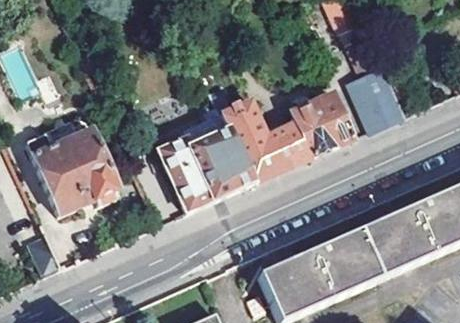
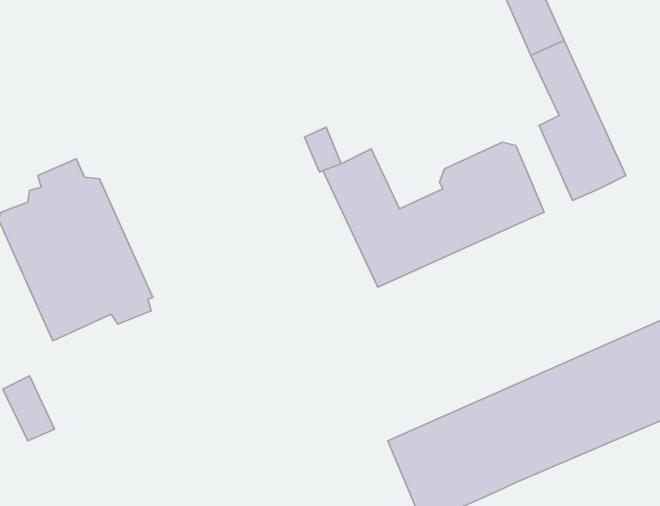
building: [157,127,253,209] -> none

